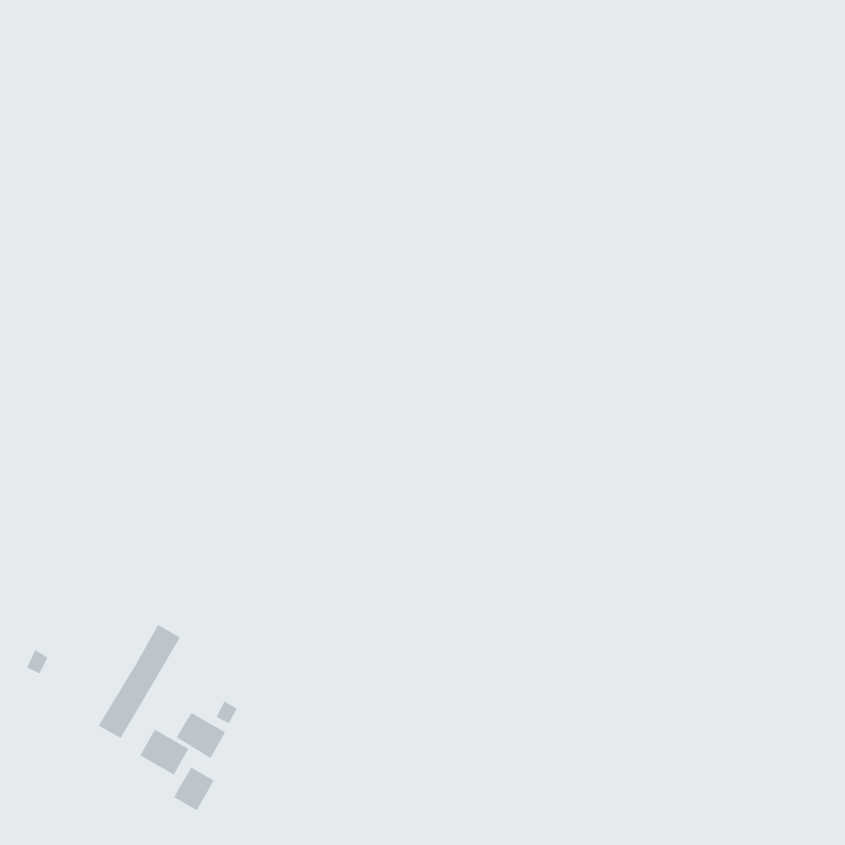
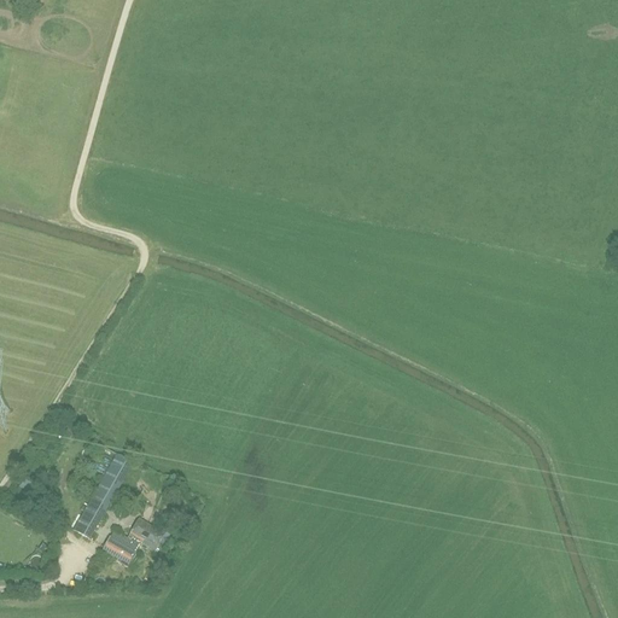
building: [173,767,214,811] -> none

